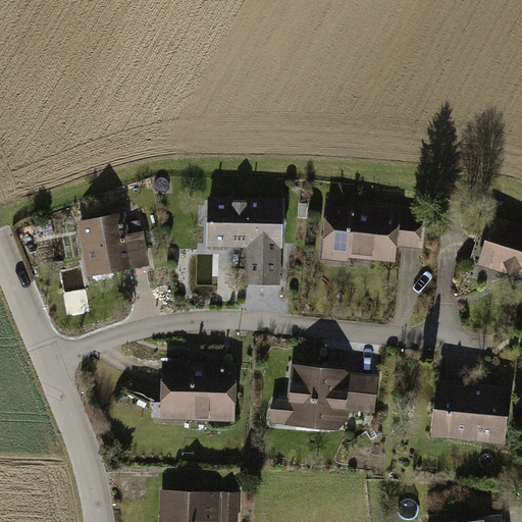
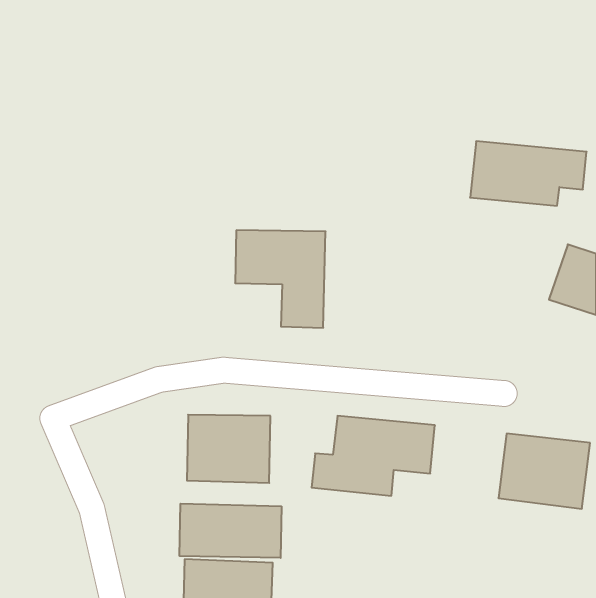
building: [320,206,421,262] -> [470,141,587,206]
building: [79,215,147,275] -> none
building: none -> [180,504,281,558]

